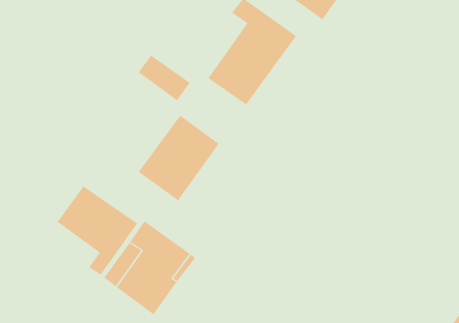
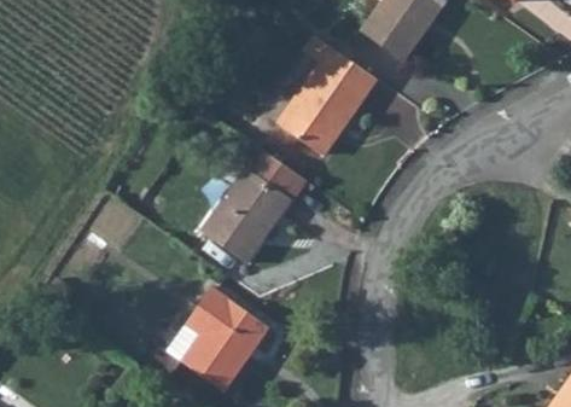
building: [138,55,190,101] -> [249,147,308,199]
building: [57,186,138,275] -> none

